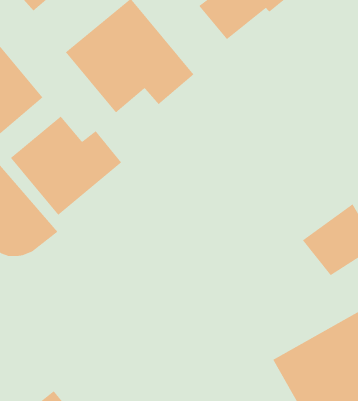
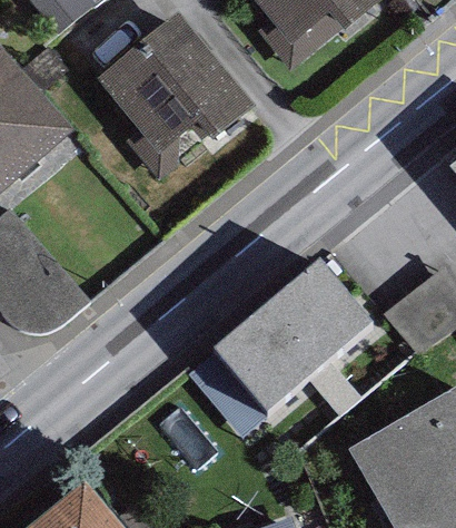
building: [10,115,122,216] -> none
building: none -> [188,265,373,430]

